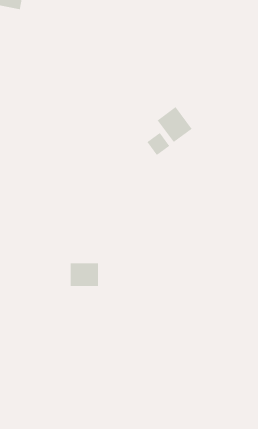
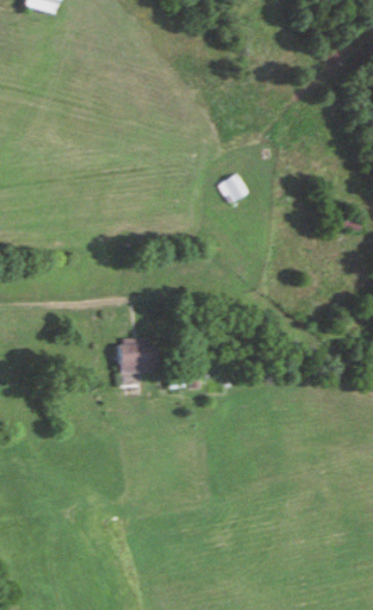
building: [157,106,192,143] -> none

